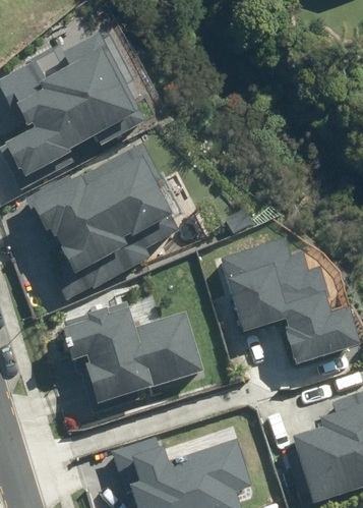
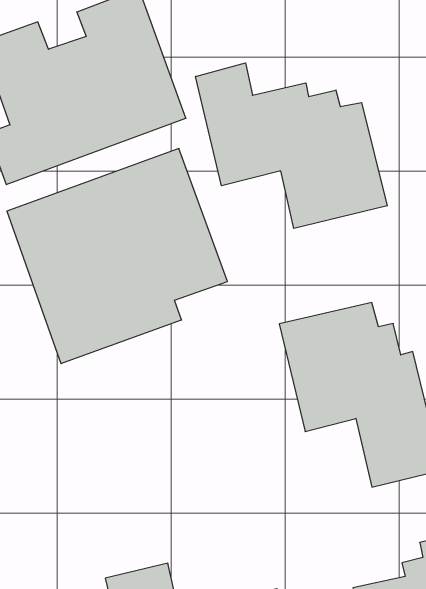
building: none -> [196,63,387,228]
building: [59,300,200,405] -> none

